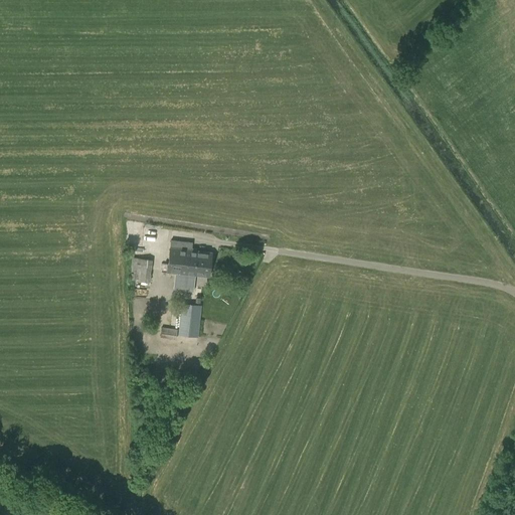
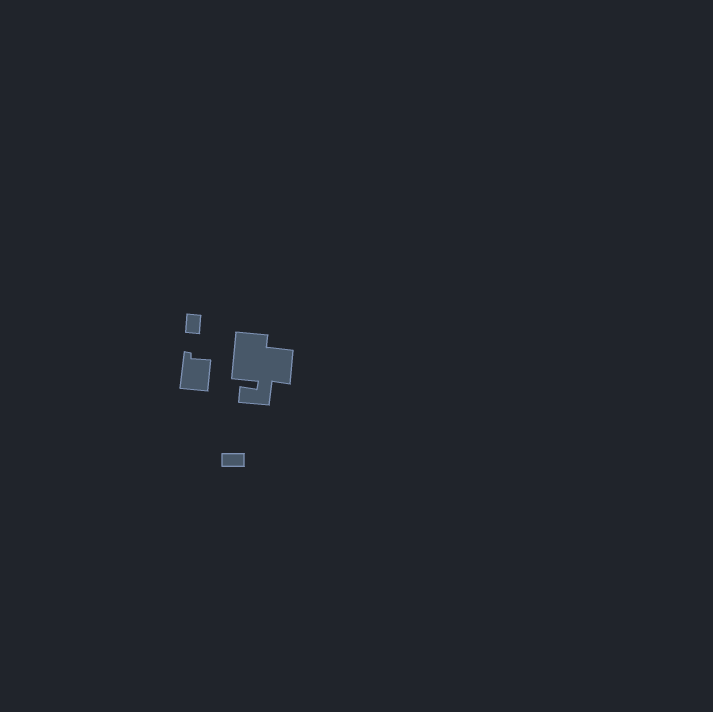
building: [178,304,201,337] -> none

